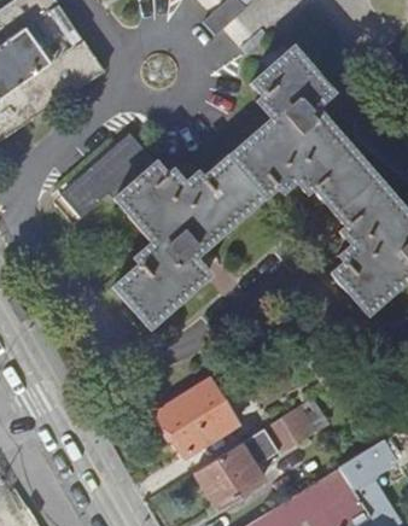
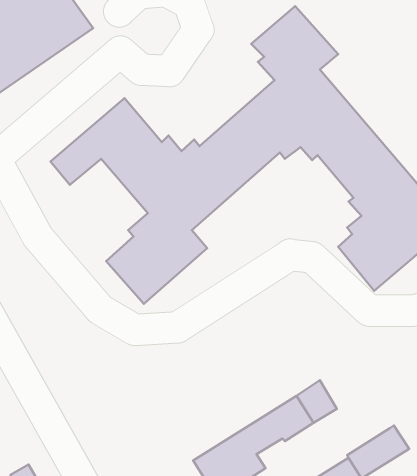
building: [157,378,238,456] -> none

